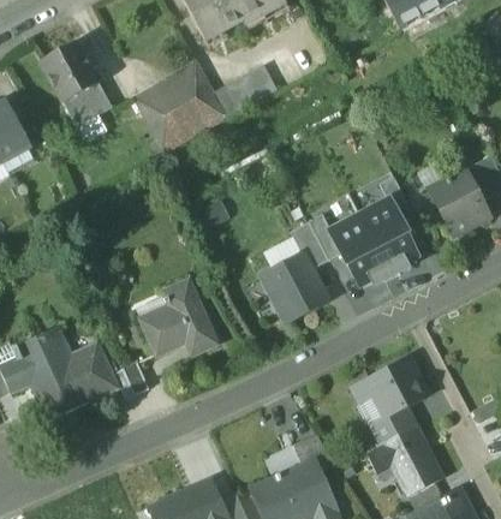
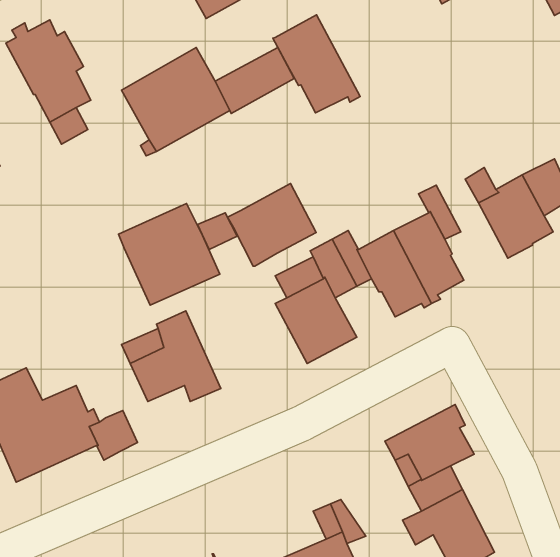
building: none -> [273,15,360,113]
building: none -> [227,184,316,266]
building: none -> [119,203,220,305]

